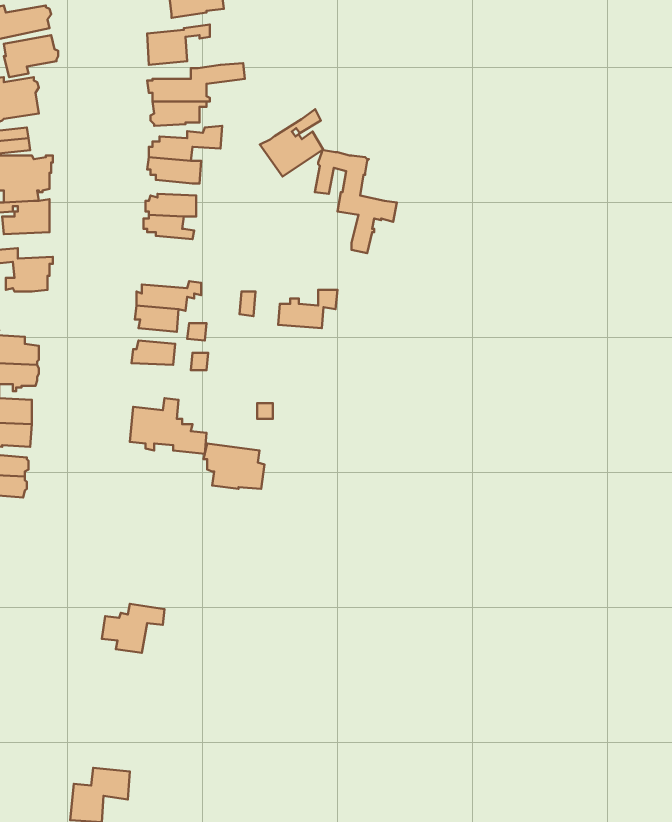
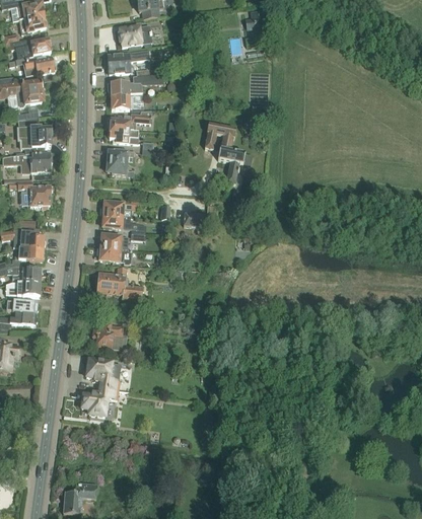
building: [260,109,323,176] -> none
building: none -> [98,246,131,263]
building: [204,443,265,489] -> [91,322,127,349]
building: none -> [86,359,122,389]

